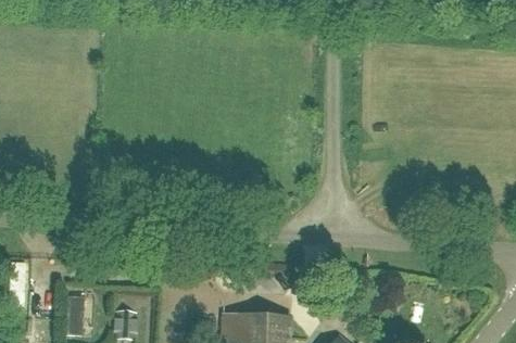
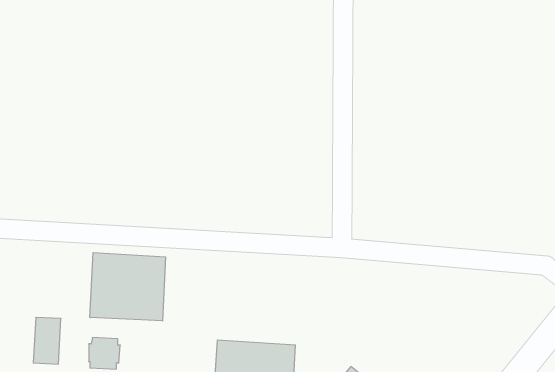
building: none -> [90,253,166,321]

